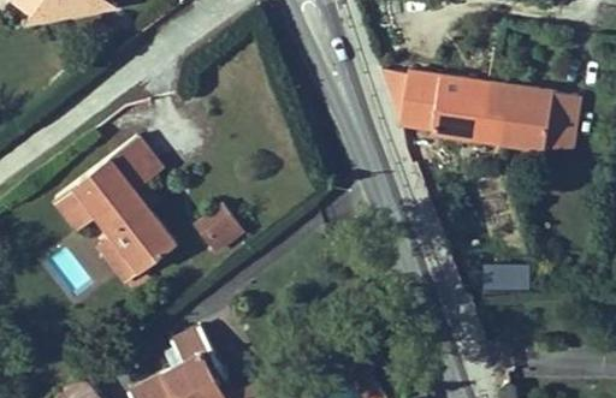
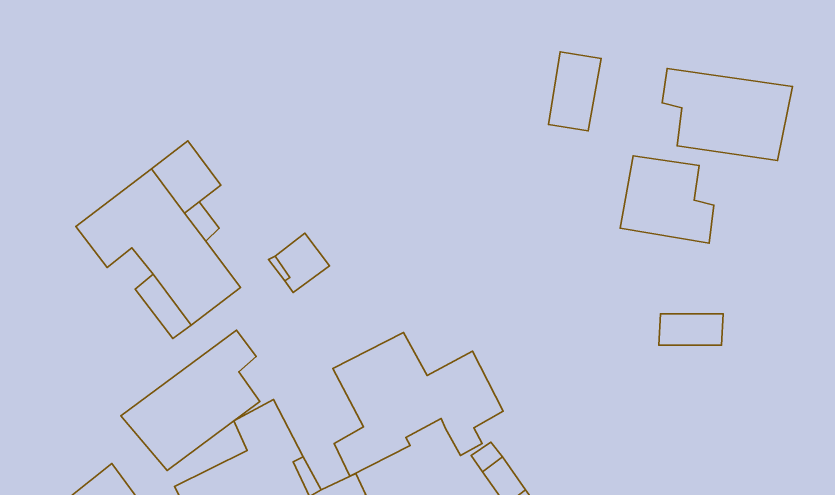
building: [430,77,498,141] -> [620,156,714,243]
building: none -> [121,330,260,470]
building: none -> [333,333,503,476]

